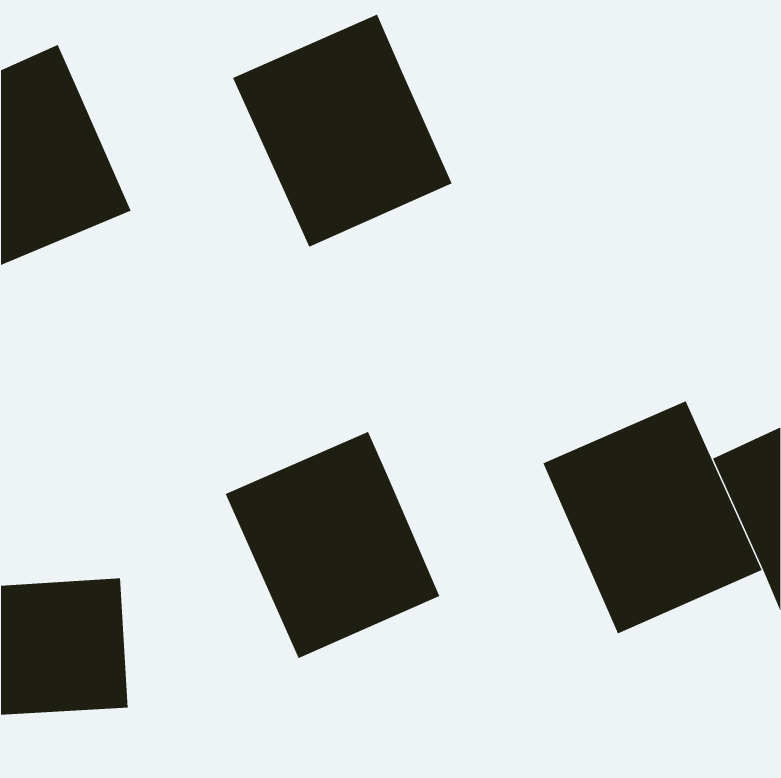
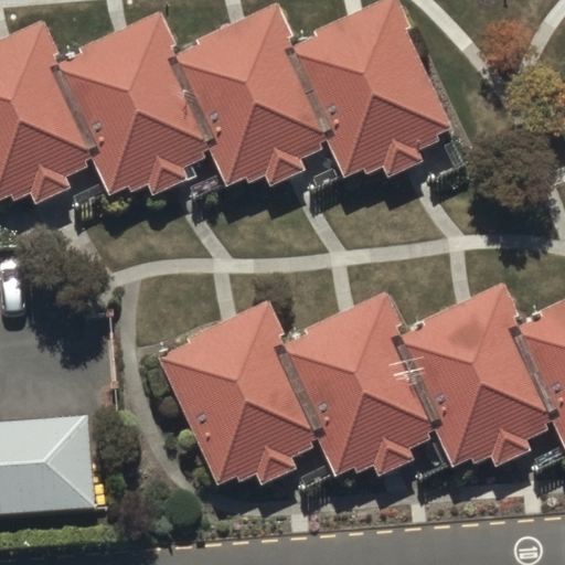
building: none -> [291,13,437,171]
building: none -> [56,24,207,189]
building: none -> [280,303,430,468]

